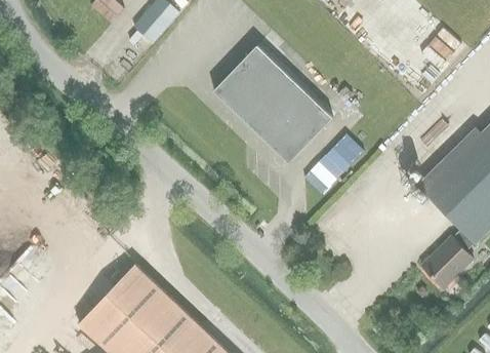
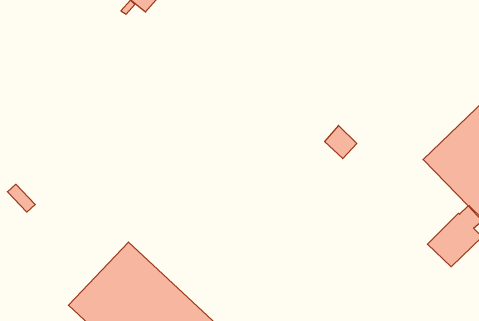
building: [213,45,333,163] -> none

